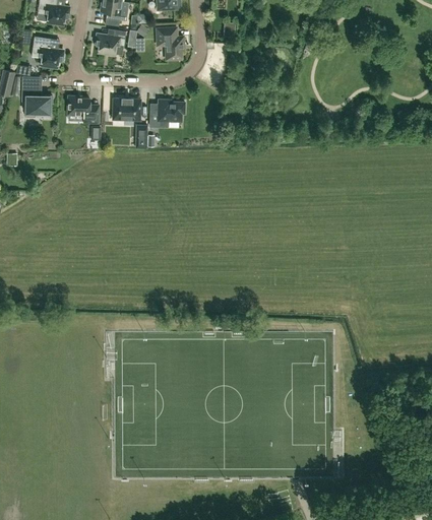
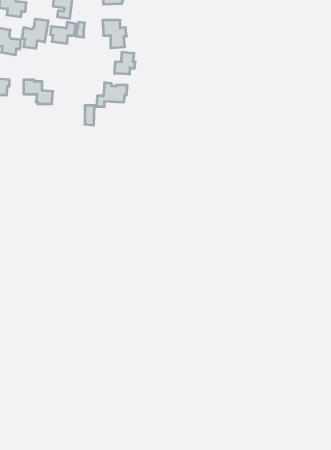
building: none -> [22,19,48,48]
building: none -> [115,52,135,74]
building: [112,98,140,120] -> none

